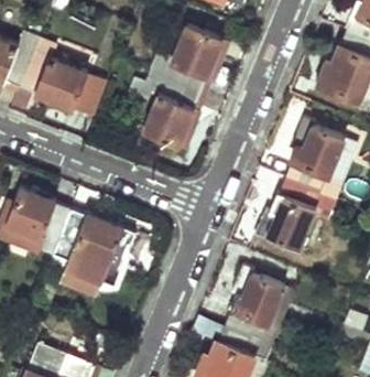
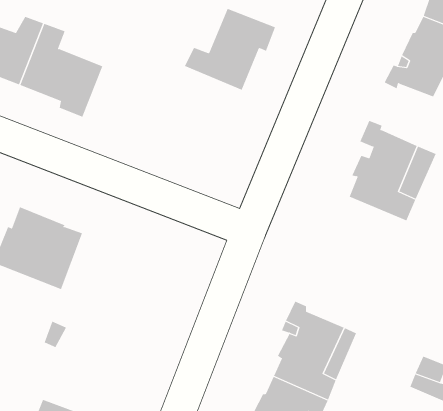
building: [133,74,202,149] -> none
building: [257,181,336,250] -> none
building: [54,211,124,287] -> none

